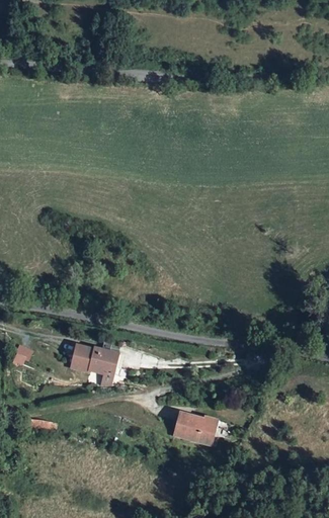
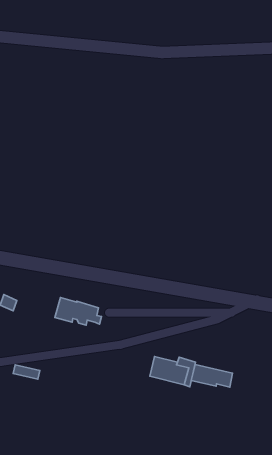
building: none -> [191,364,232,387]

